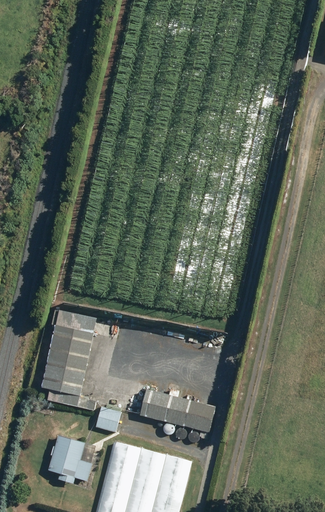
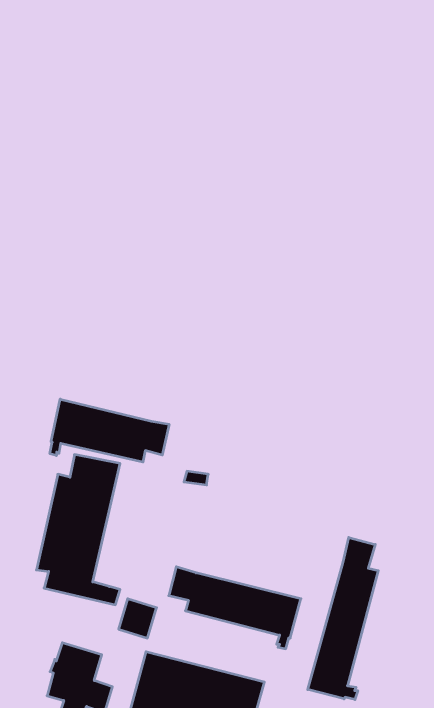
building: none -> [50,399,169,462]
building: none -> [308,537,378,700]

